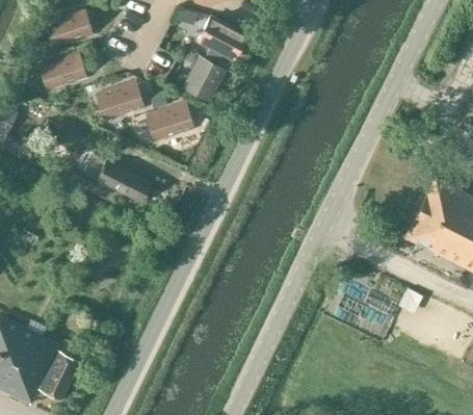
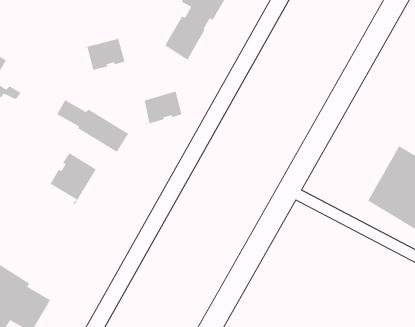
building: [37,53,85,90] -> none
building: [147,103,193,141] -> [139,91,183,125]
building: none -> [47,152,97,205]

